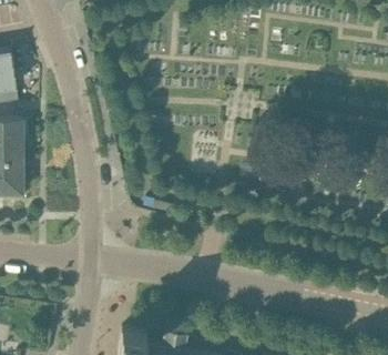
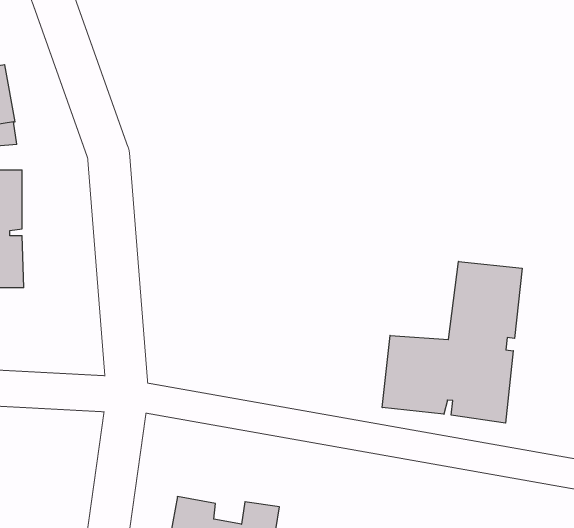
building: none -> [382,261,522,423]

